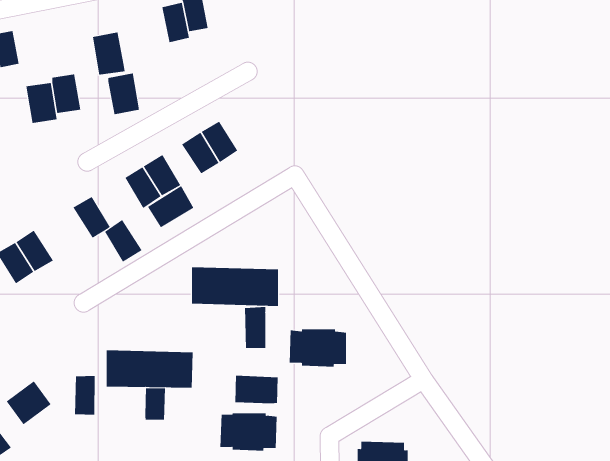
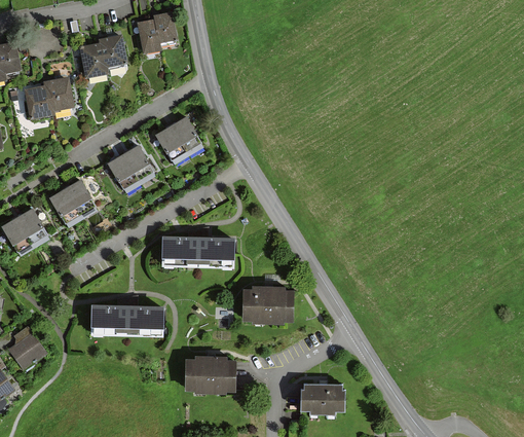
building: [108,73,140,115] -> [102,35,128,70]
building: [147,185,194,228] -> none
building: [104,219,142,263] -> [48,188,80,224]
building: [245,306,266,349] -> none
building: [235,375,278,404] -> none
building: [74,375,95,415] -> none
building: [145,387,166,421] -> none

